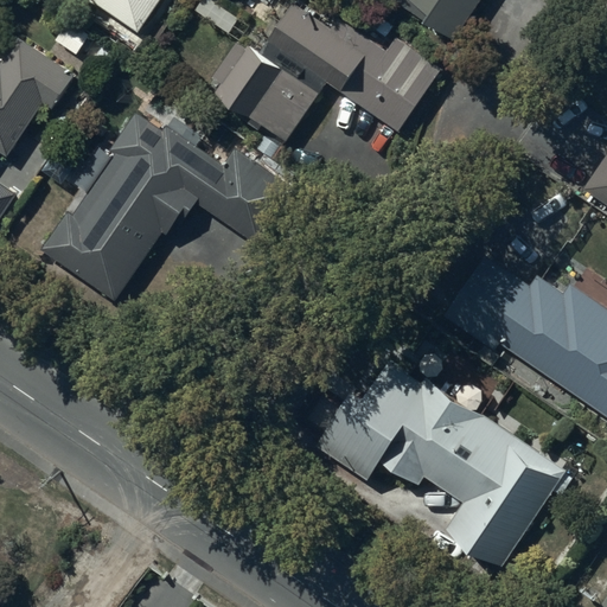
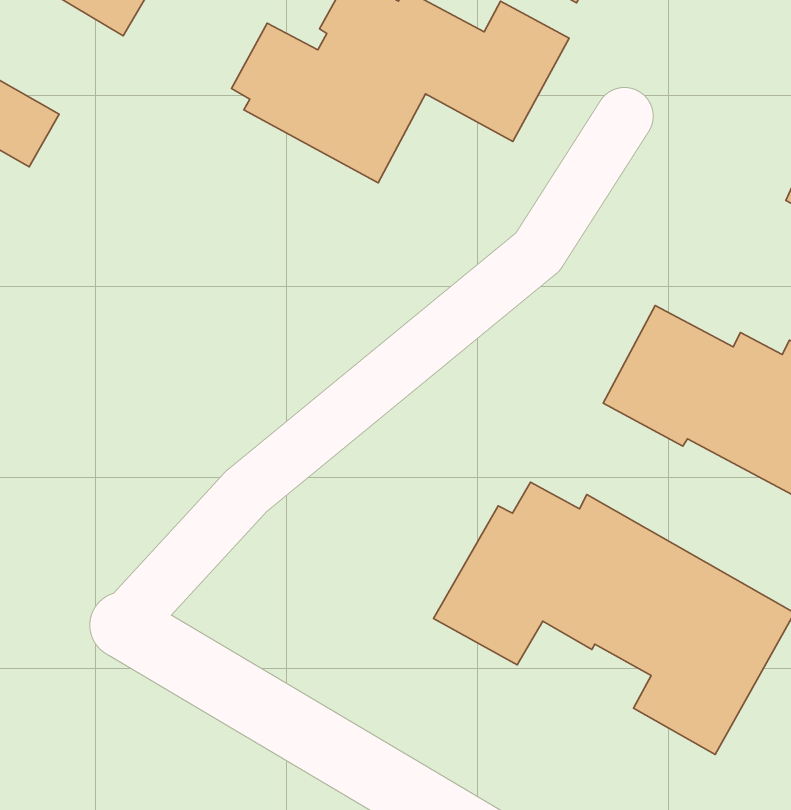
building: [43,106,299,298] -> none

